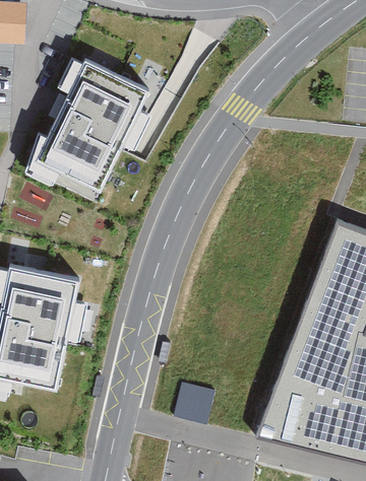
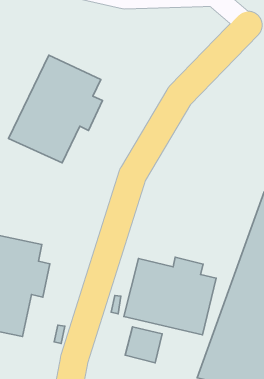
building: none -> [124,257,216,335]

